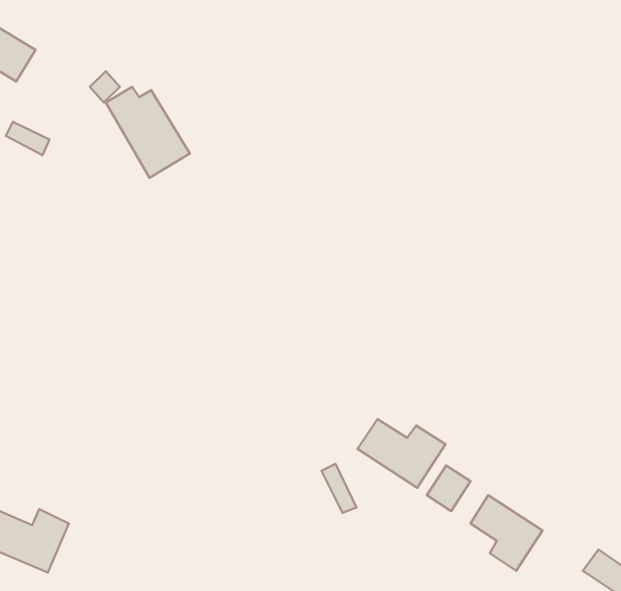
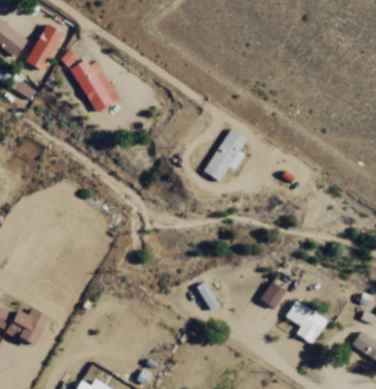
building: none -> [25,23,62,70]
building: none -> [202,127,245,181]
building: [358,419,445,488] -> none

